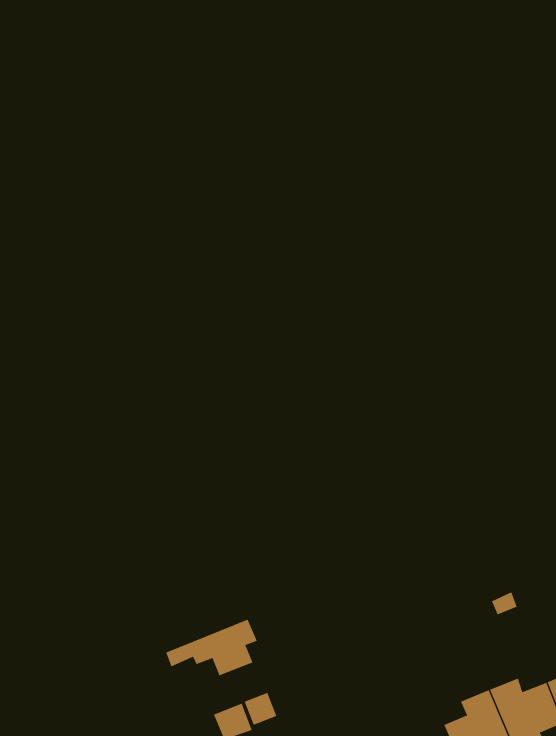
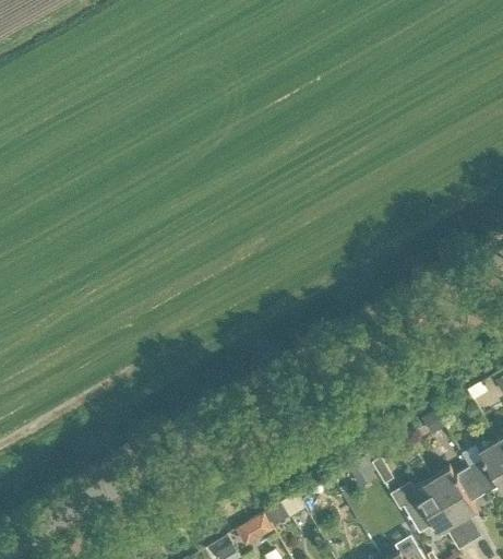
building: [165,619,257,676] -> none

